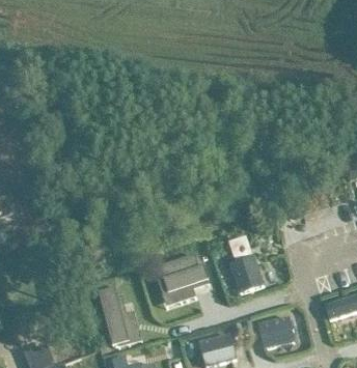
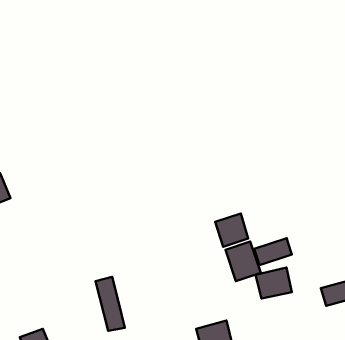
building: none -> [254,238,292,265]
building: [162,254,209,290] -> none
building: [258,315,295,346] -> [255,267,292,299]

